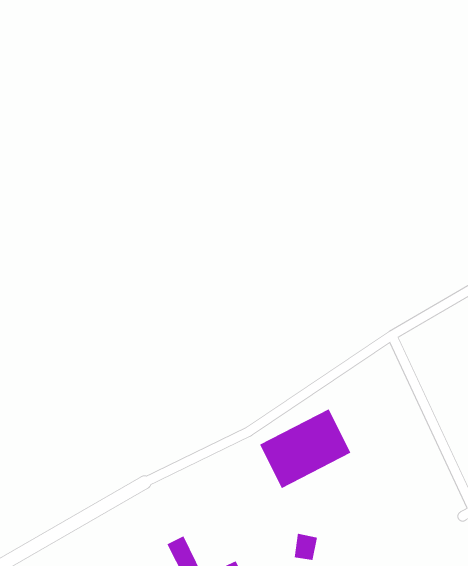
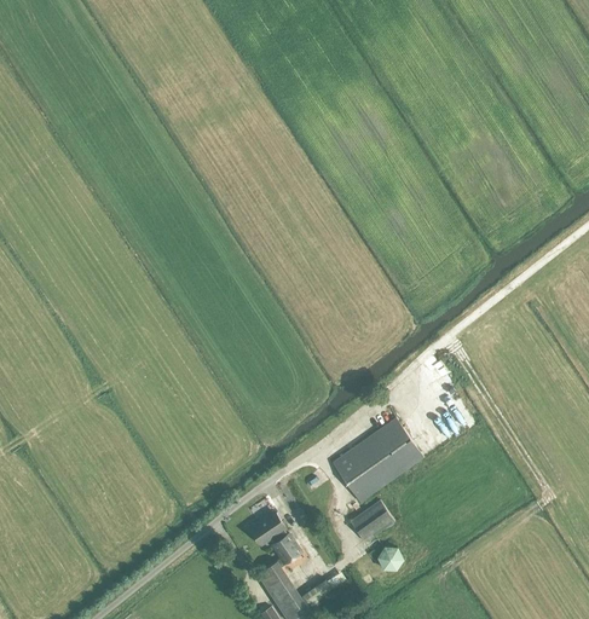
building: none -> [249,510,300,563]
building: none -> [348,502,391,540]

